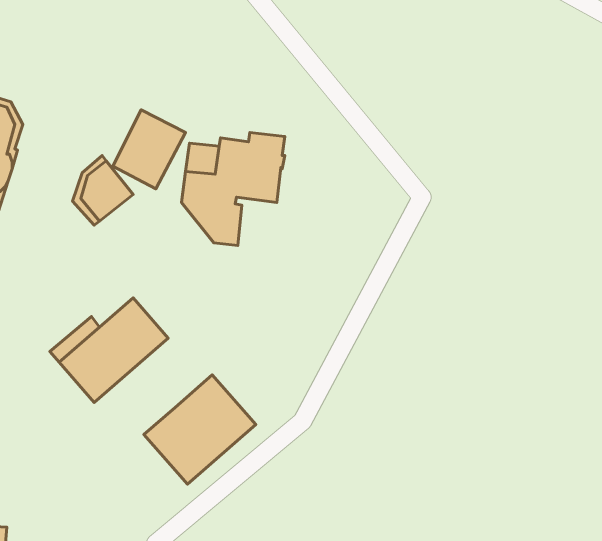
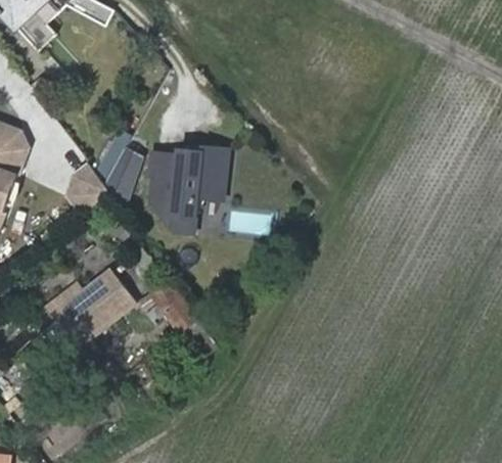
building: [144,375,256,484] -> none

